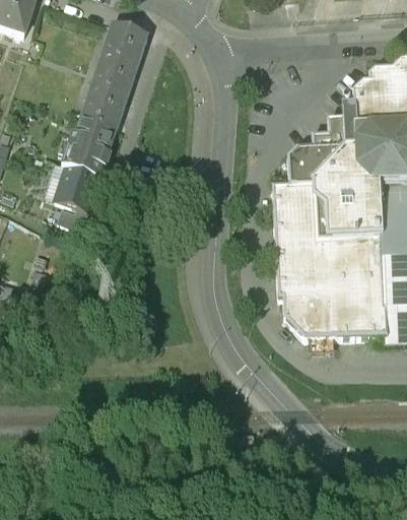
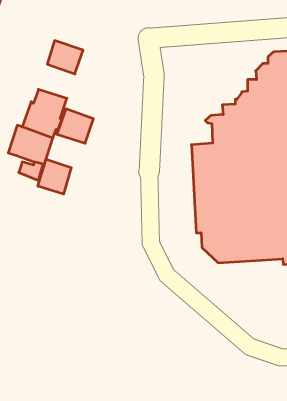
building: [101,26,147,68] -> none
building: [81,85,127,128] -> [57,109,93,143]
building: none -> [38,159,71,194]

